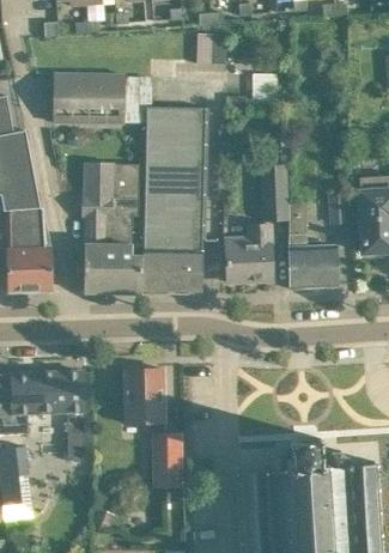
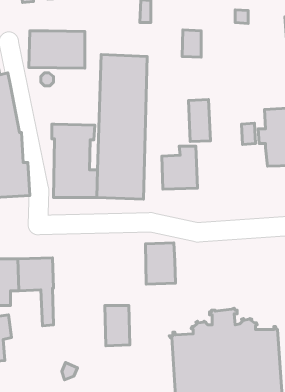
building: [85,164,138,198] -> none
building: [288,202,336,288] -> none
building: [124,369,164,423] -> [145,243,176,284]

